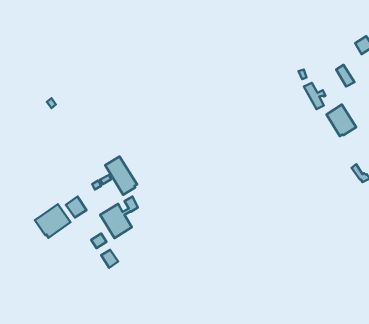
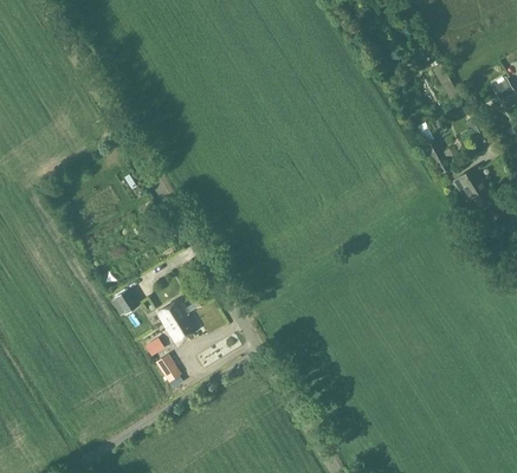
building: [105,156,137,195] -> none
building: [35,204,70,238] -> none

